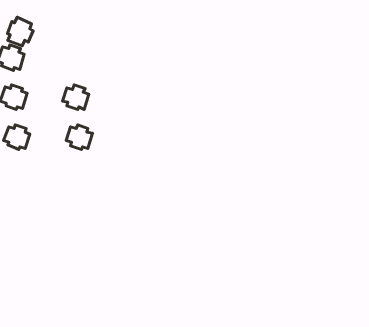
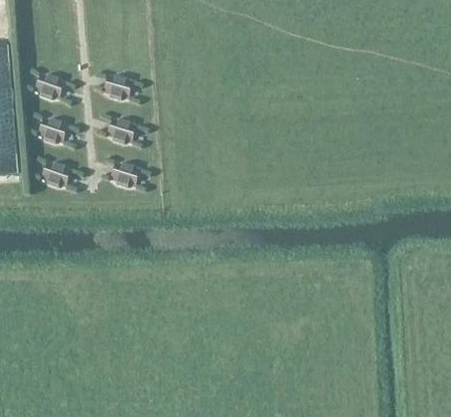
building: [7,17,33,46] -> none
building: none -> [104,73,133,100]

